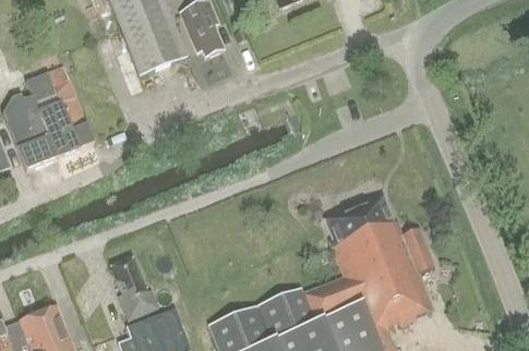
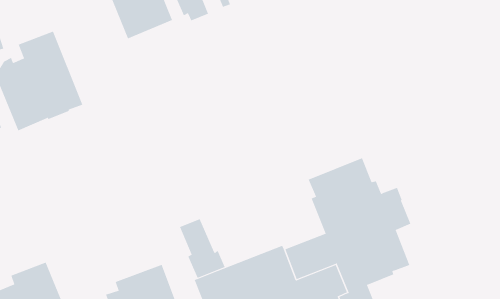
building: [109,256,157,318] -> [179,218,226,279]

